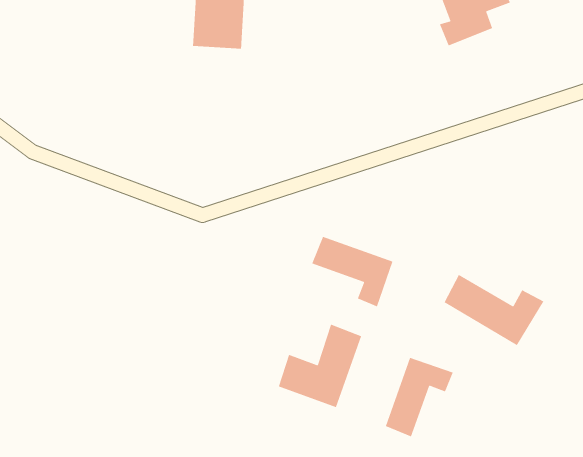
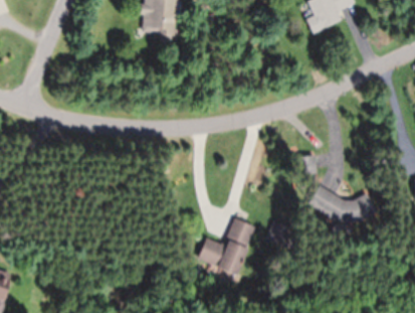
building: [311,236,394,307] -> none
building: [385,357,454,437] -> none

